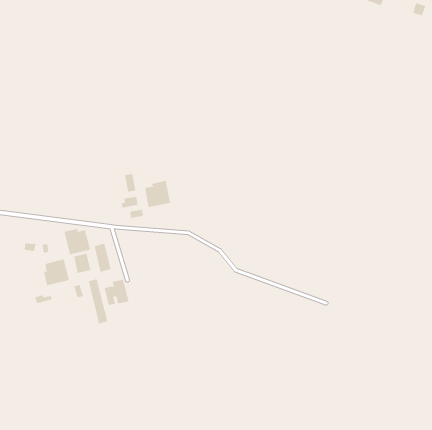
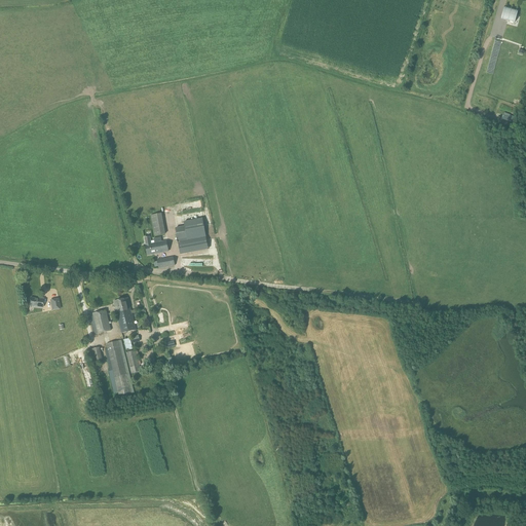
building: [64,228,91,255] -> none
building: [44,258,69,286] -> none

